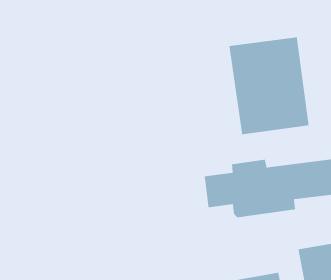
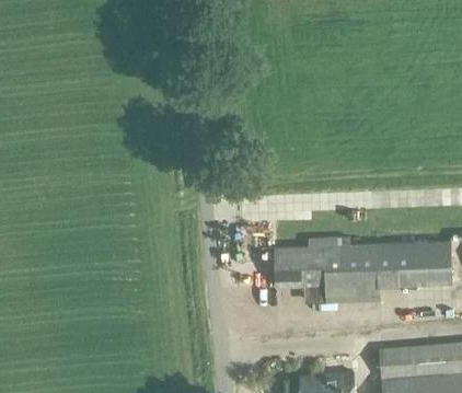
building: [228,36,309,135] -> none

